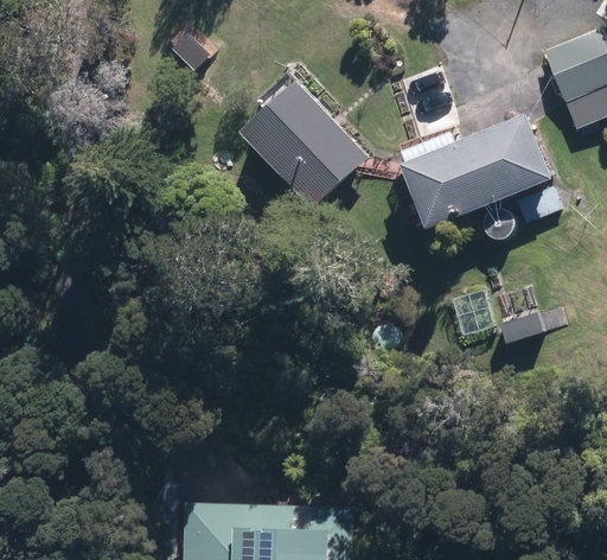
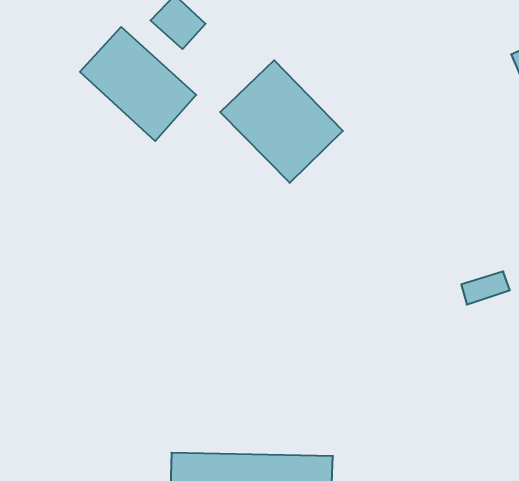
building: none -> [80,27,196,141]
building: [400,114,551,233] -> none

